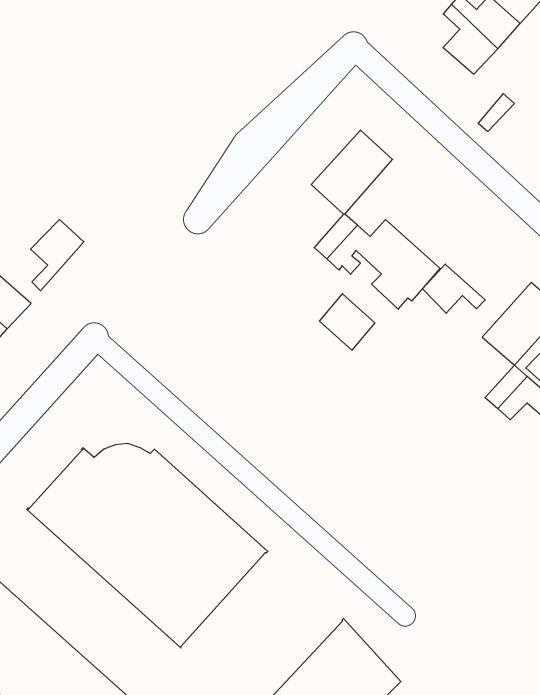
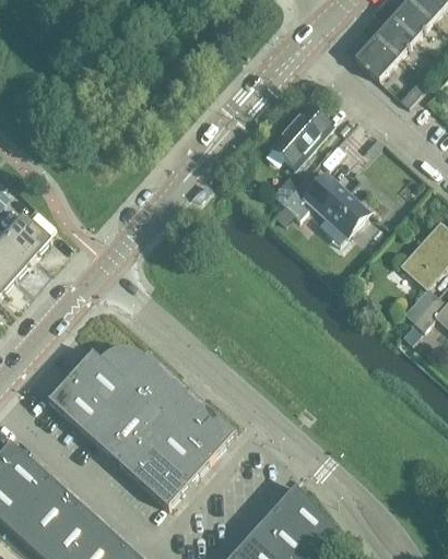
building: none -> [354,39,396,80]
building: [31,220,84,291] -> none
building: [423,264,485,313] -> none
building: [319,294,375,350] -> none

